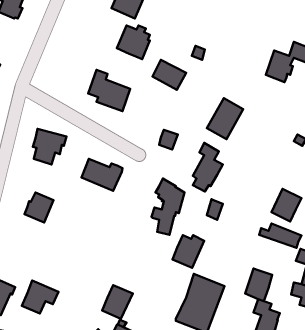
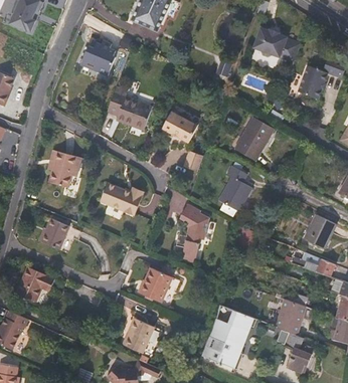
building: none -> [252,26,301,61]
building: [117,26,150,59] -> [80,39,116,75]
building: [152,60,186,90] -> [162,110,198,142]
building: [172,235,204,268] -> [140,266,174,302]
building: [22,281,58,313] -> [16,265,55,301]

